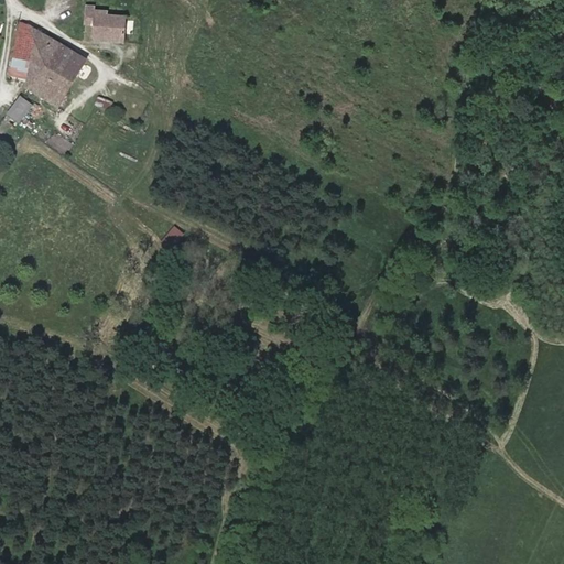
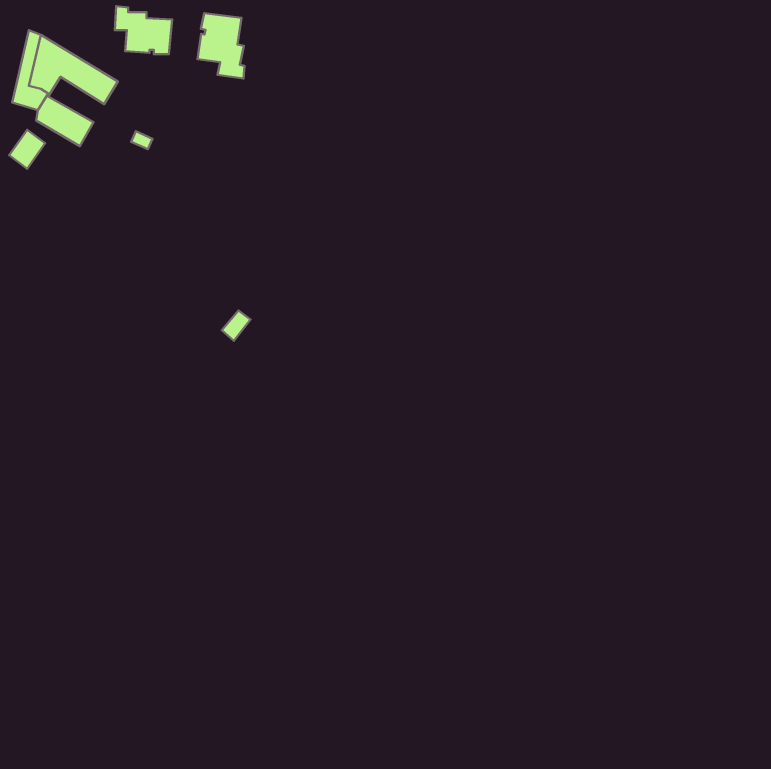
building: none -> [197,13,245,78]
building: [35,56,76,89] -> none

